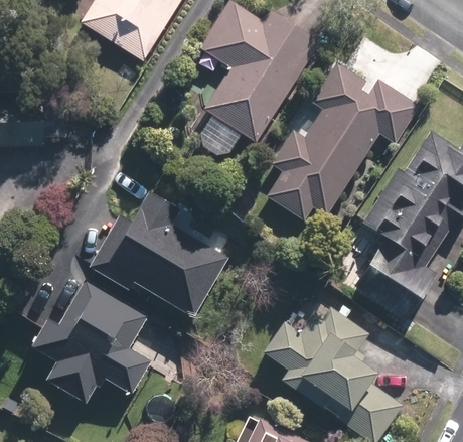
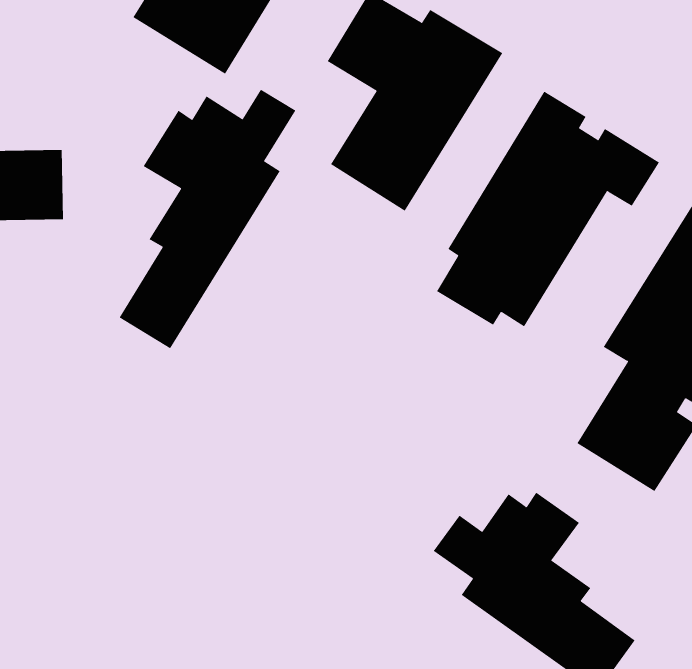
building: none -> [119,89,296,349]
building: [93,194,225,313] -> none
building: [34,283,145,399] -> none

